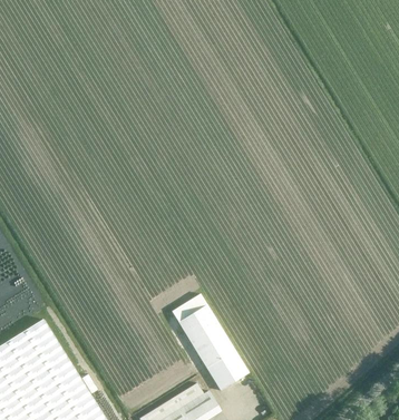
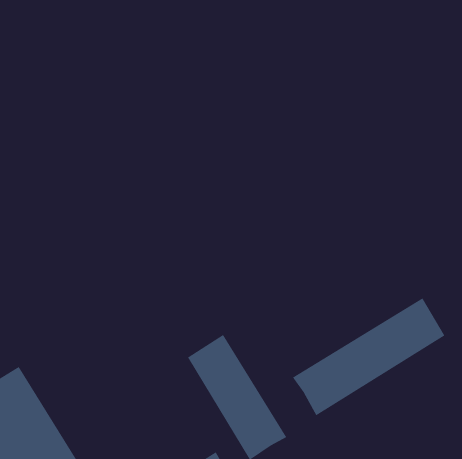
building: none -> [292,297,445,416]

